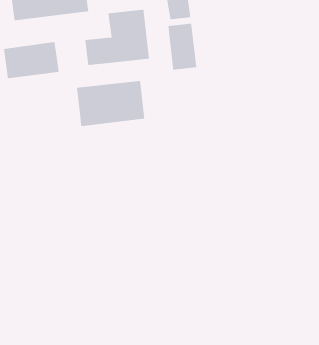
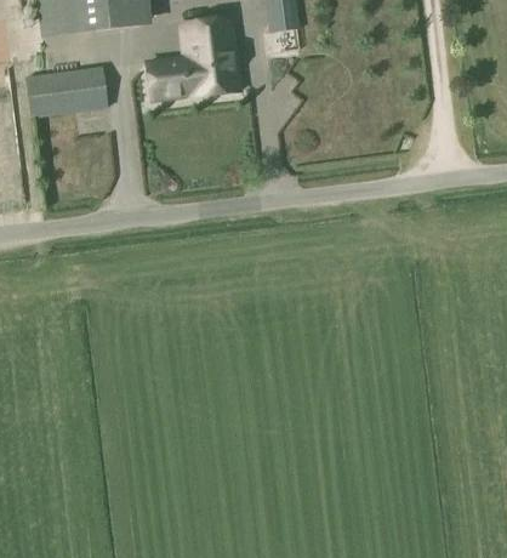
building: [168,23,197,71] -> none
building: [76,80,145,127] -> none

